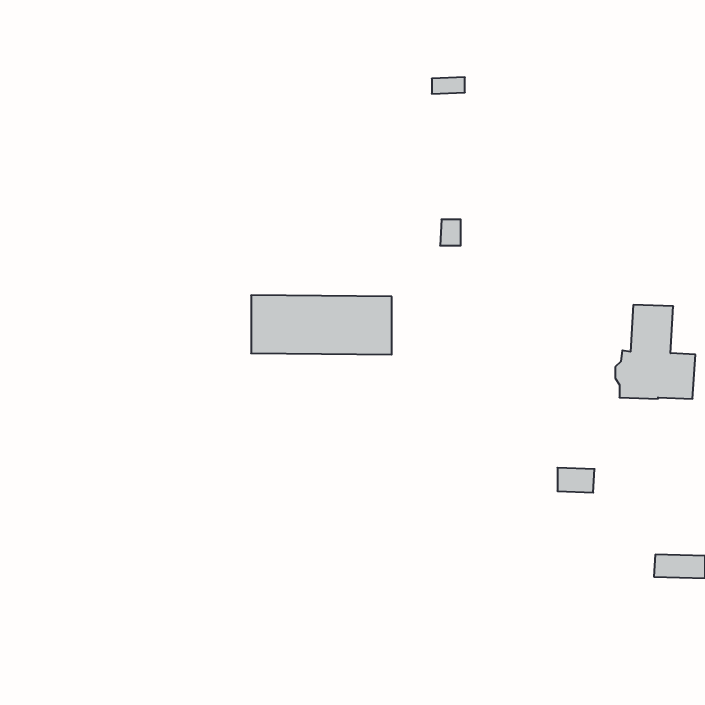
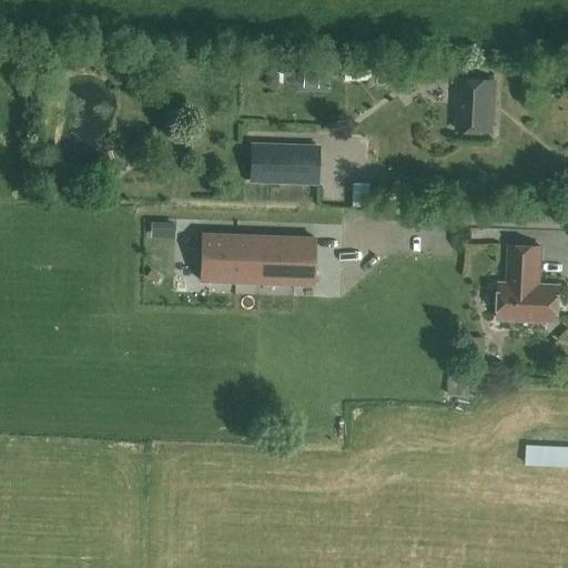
building: none -> [457,79,495,131]
building: none -> [250,143,317,183]

